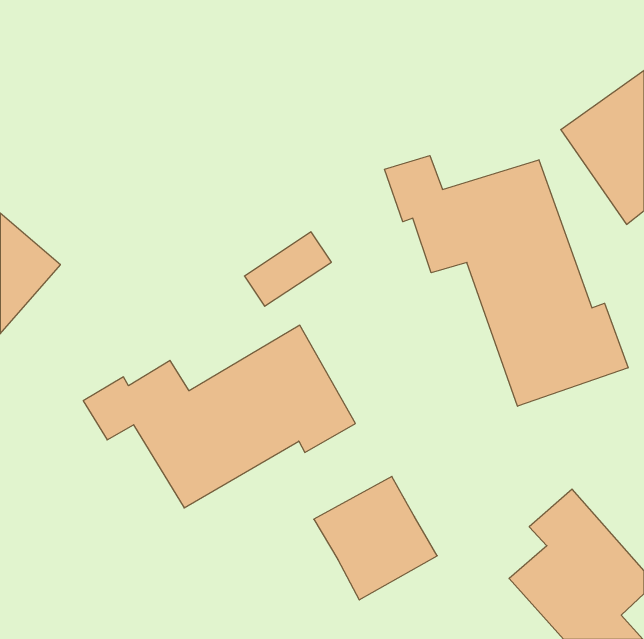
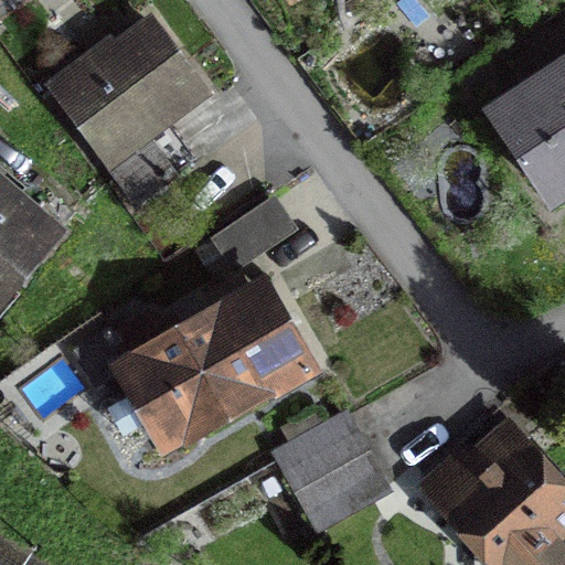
building: none -> [51,23,199,200]
building: [384,156,628,406] -> none

